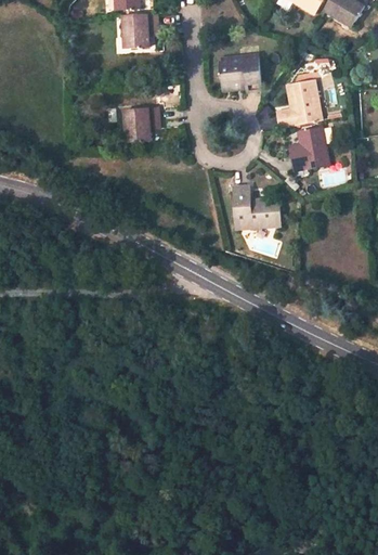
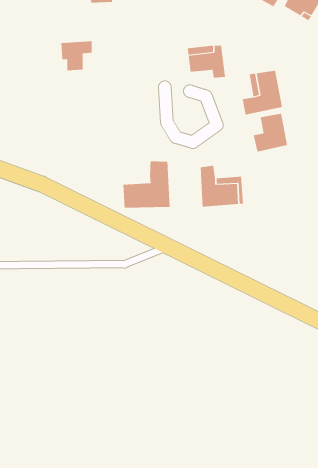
building: [123,13,158,46] -> [60,41,92,71]
building: [123,107,159,140] -> none
building: none -> [123,161,170,208]

